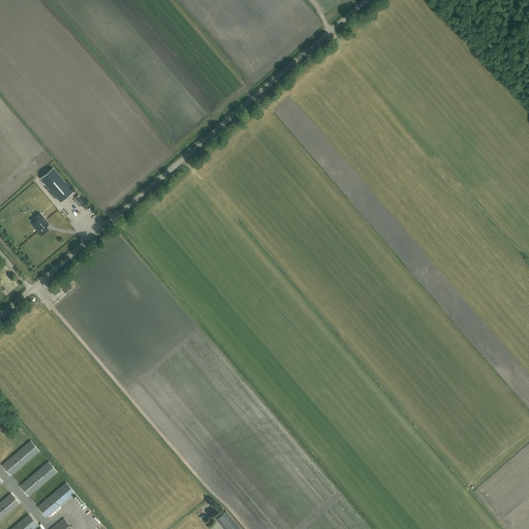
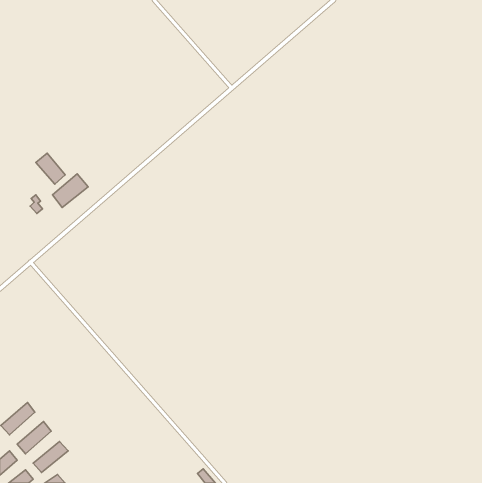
building: none -> [52,174,88,208]

